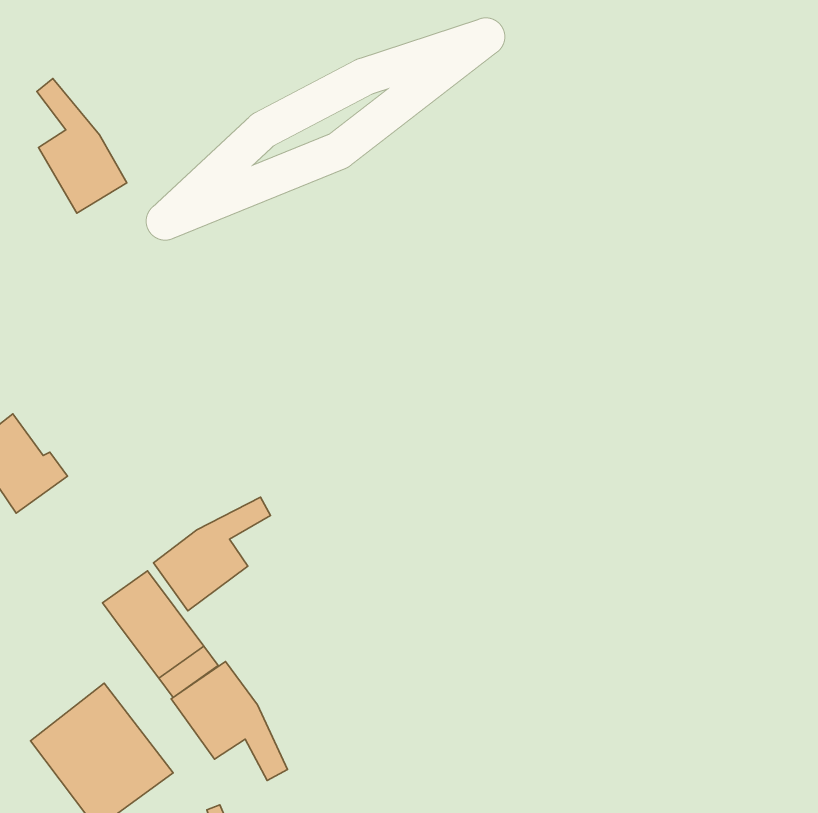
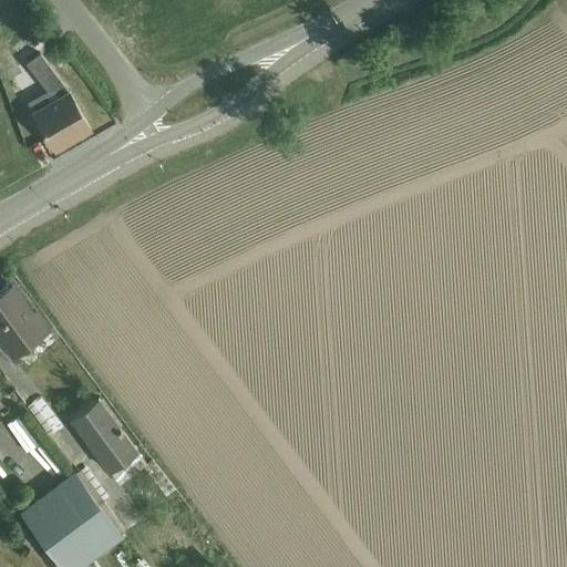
building: [154,497,270,611] -> none
building: [171,662,287,780] -> none

